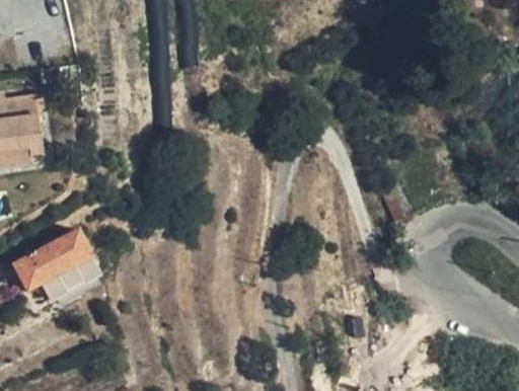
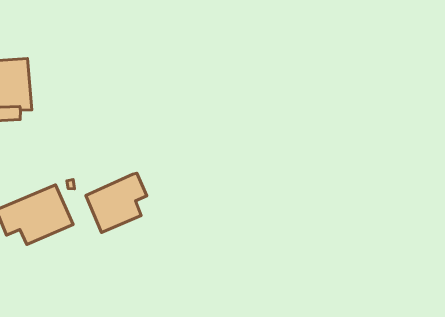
building: none -> [86,173,147,233]

